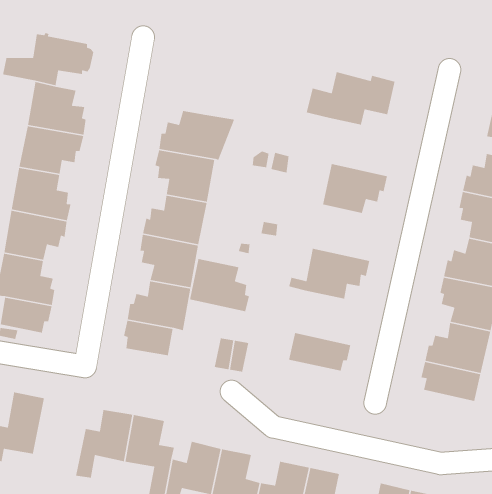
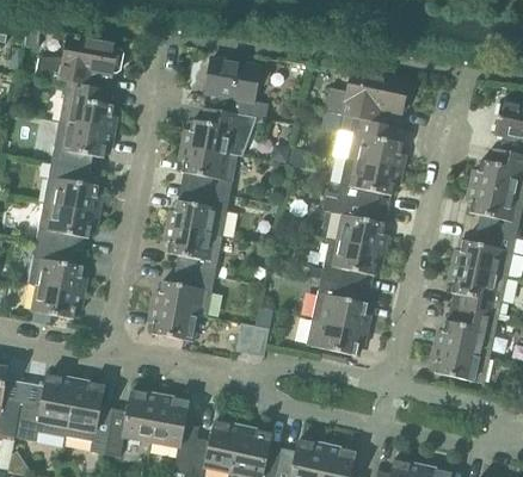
building: none -> [204,56,275,117]
building: none -> [338,114,404,169]
building: none -> [328,197,386,249]
building: [189,258,250,312] -> [312,278,369,329]
building: none -> [64,379,113,453]

